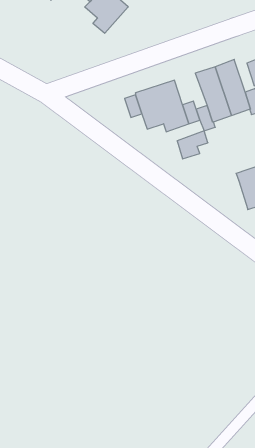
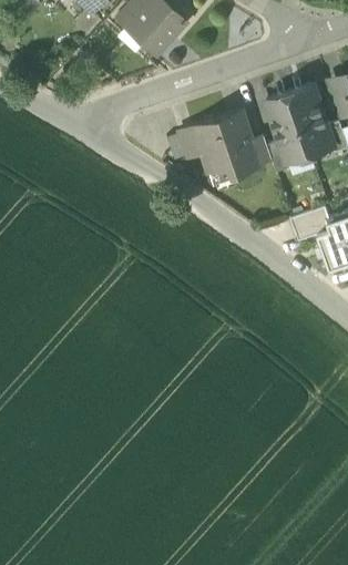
building: [177,131,208,159] -> [293,207,330,242]

